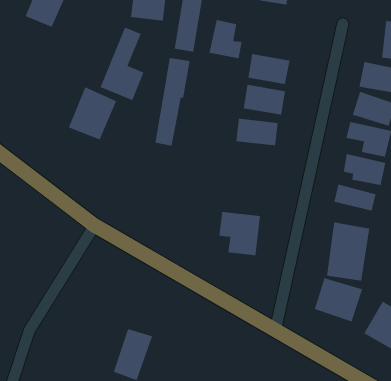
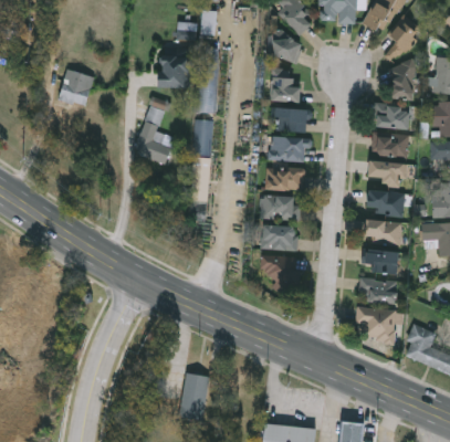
building: [209,19,243,59] -> [270,69,300,103]
building: [68,86,117,141] -> none
building: none -> [264,197,300,218]
building: none -> [261,225,297,250]

